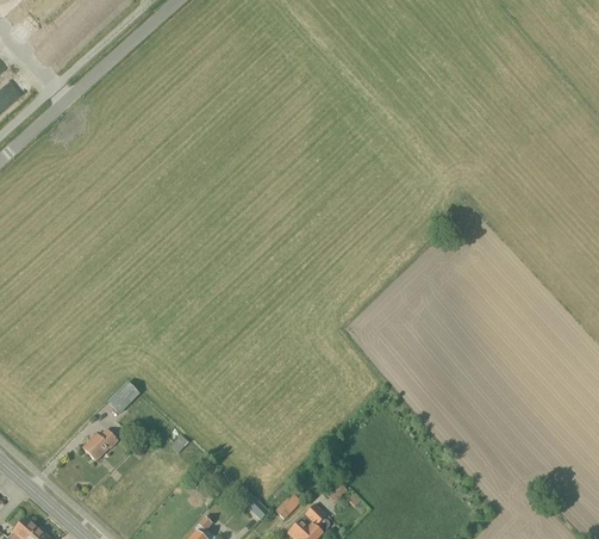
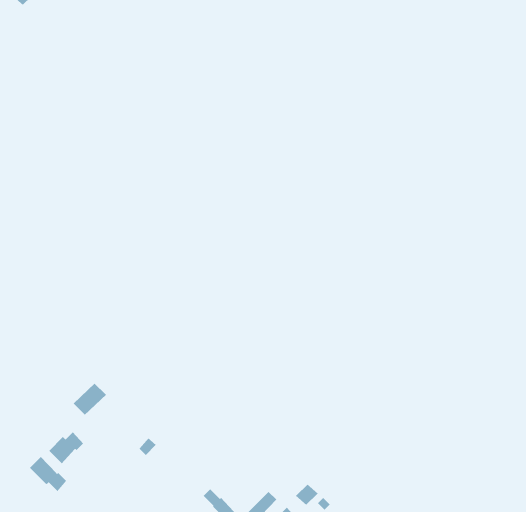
building: none -> [29,456,67,492]

